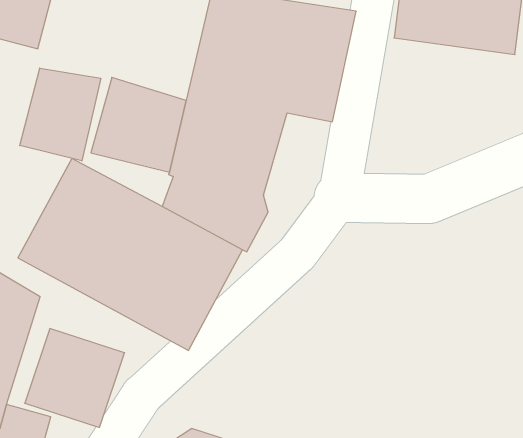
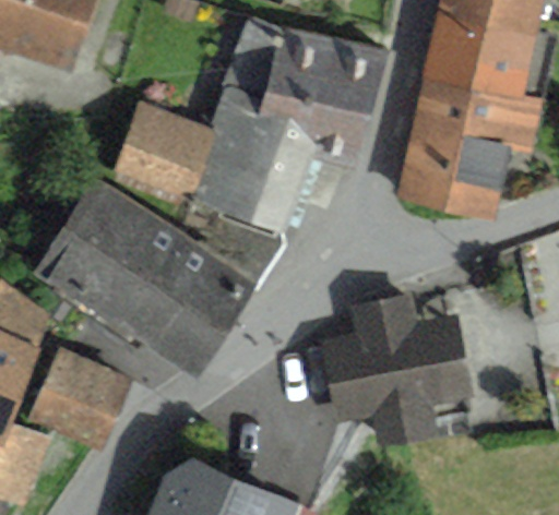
building: none -> [399,80,544,220]
building: [20,68,101,161] -> none
building: none -> [319,296,475,447]

